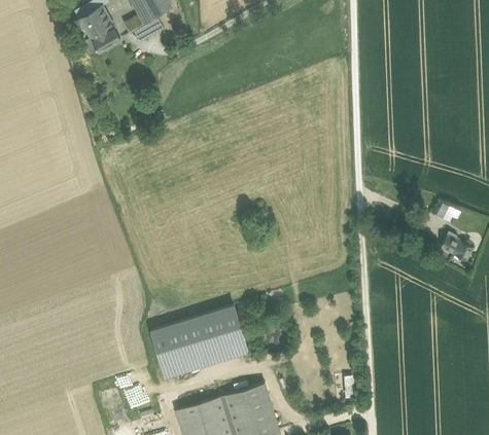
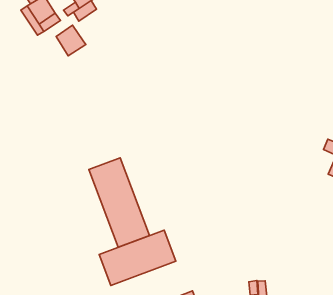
building: none -> [56,25,86,56]
building: none -> [89,158,149,247]

